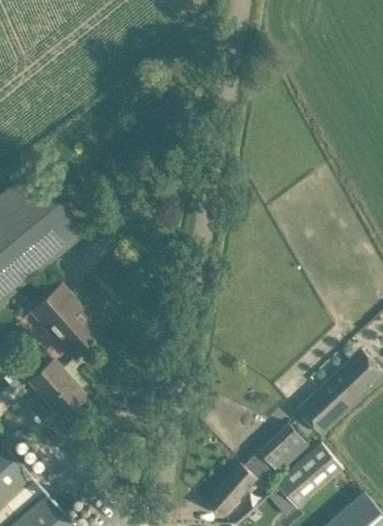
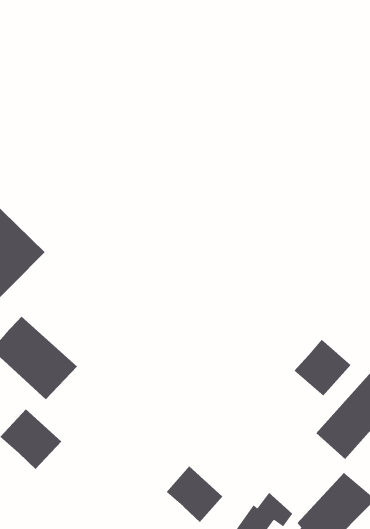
building: none -> [293,339,351,397]
building: [257,424,307,475] -> none
building: none -> [166,466,223,523]

